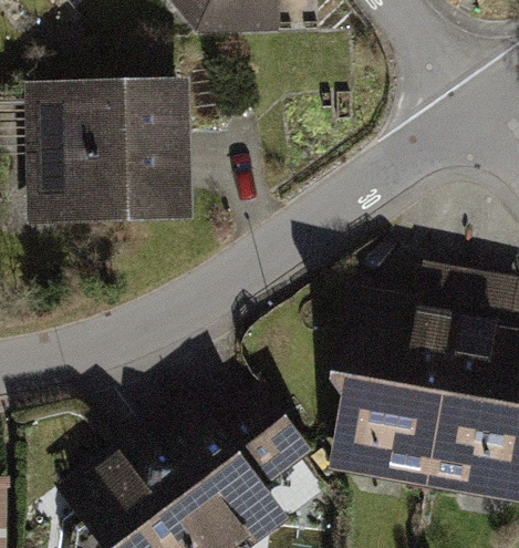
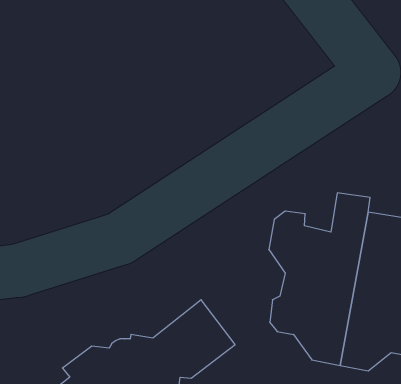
building: [42,102,189,221] -> none

